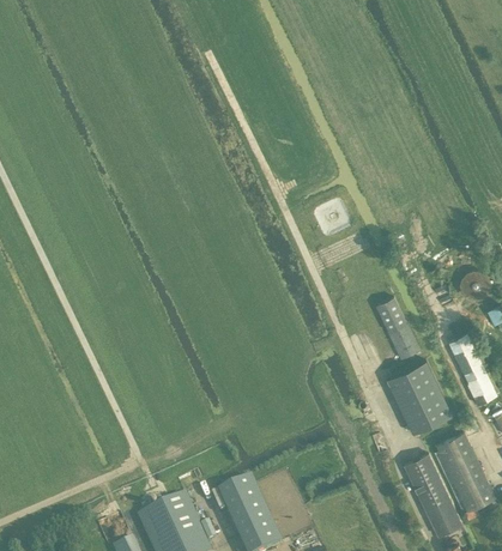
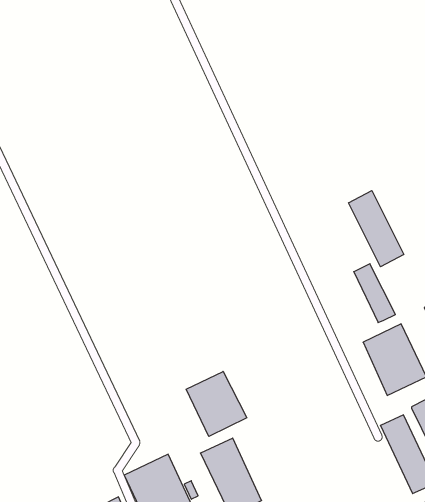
building: none -> [349,191,404,267]
building: none -> [186,371,247,436]

